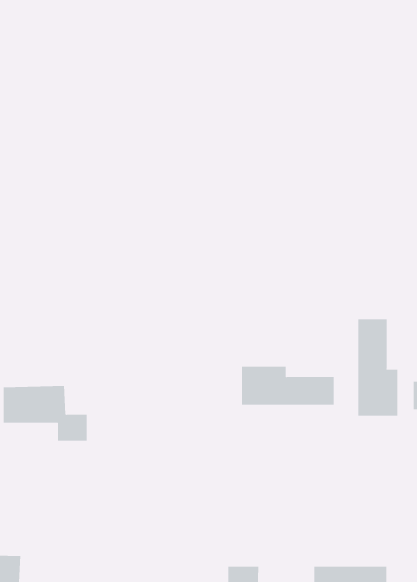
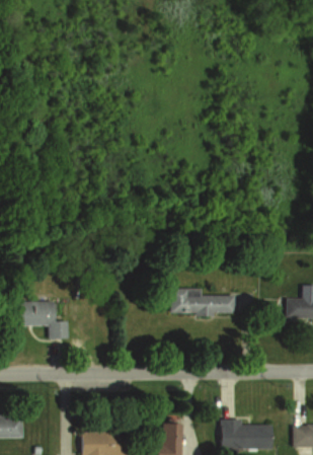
building: [358,318,398,416] -> none

